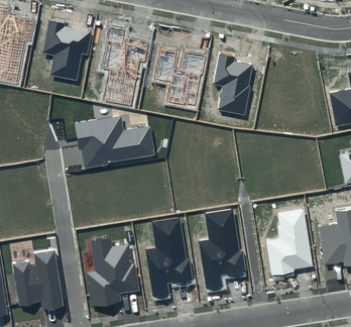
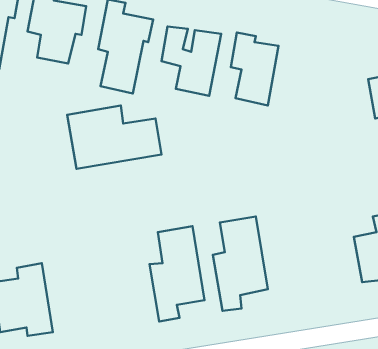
building: [266,209,313,275] -> none
building: [86,237,139,306] -> none

